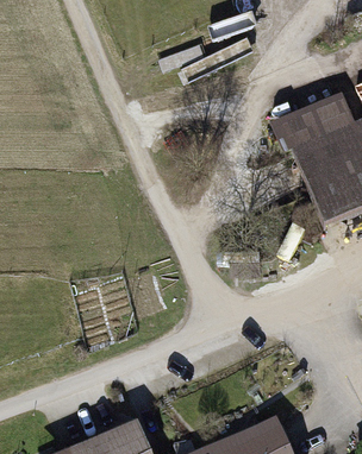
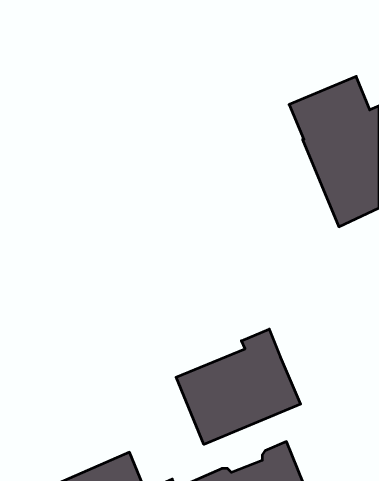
building: none -> [176,329,301,444]

